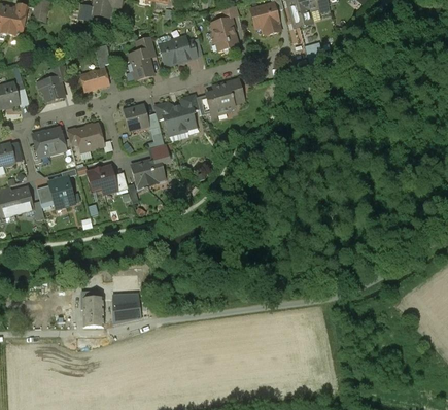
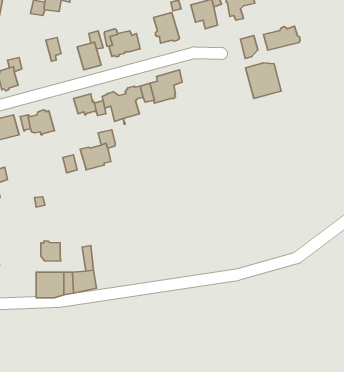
building: none -> [264,26,300,50]
building: [80,69,108,91] -> none
building: none -> [246,63,281,98]
building: [88,166,115,191] -> none
building: [49,176,74,206] -> none
building: none -> [41,241,61,261]

